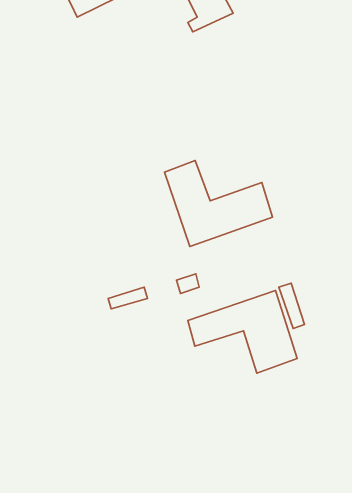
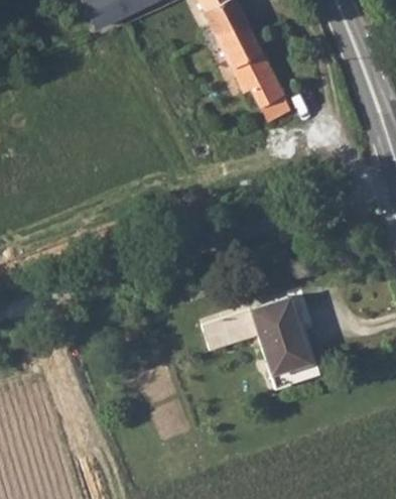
building: none -> [210,26,285,109]
building: [164,160,273,247] -> none

